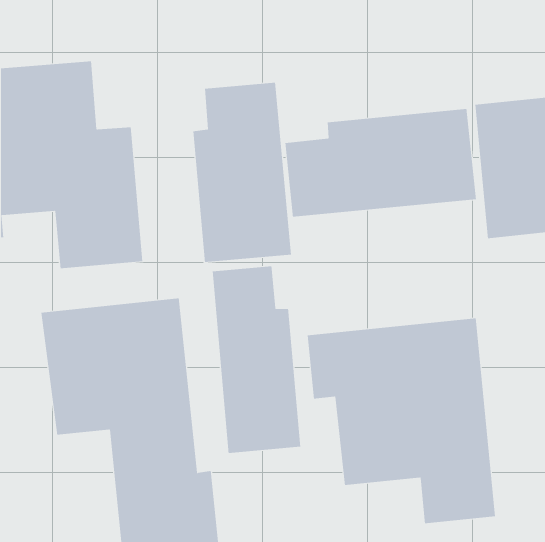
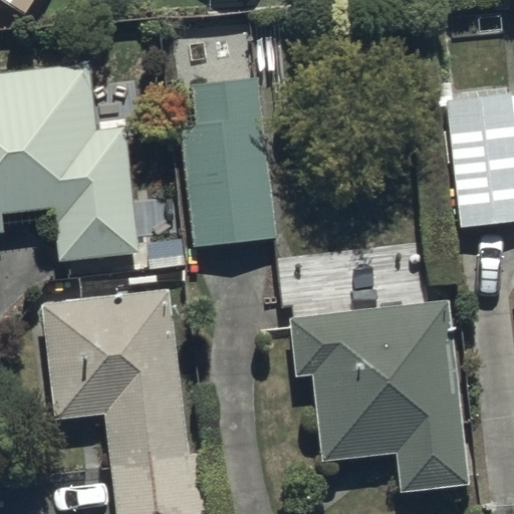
building: [285,108,476,218] -> none
building: [212,265,301,454] -> none

